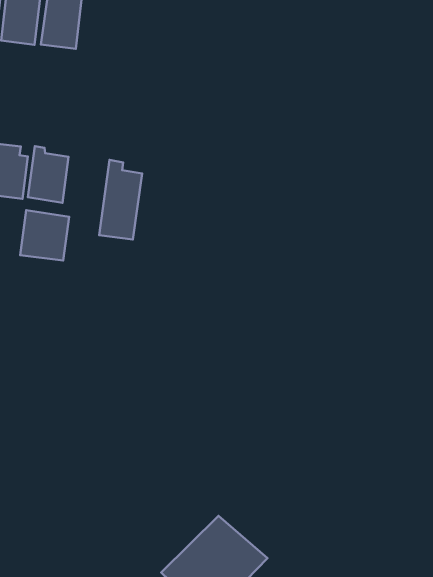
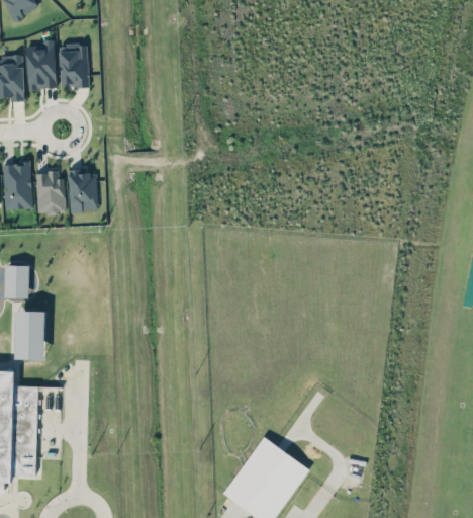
building: [99,160,142,240] -> none
building: [20,210,69,260] -> none

